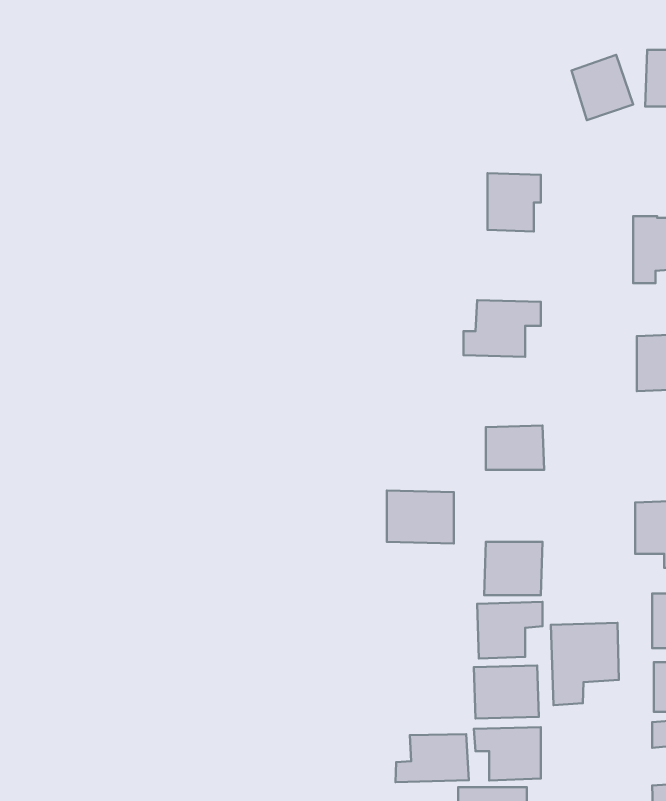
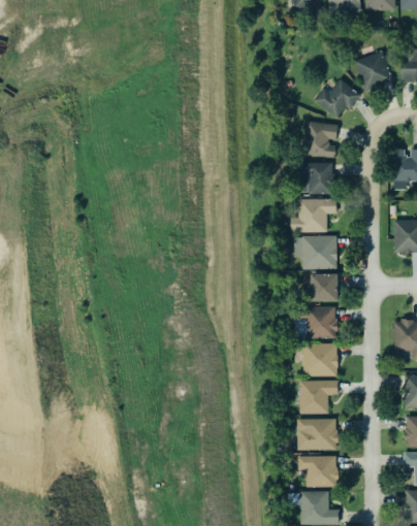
building: none -> [315,79,361,117]
building: none -> [300,162,333,193]
building: none -> [294,235,338,269]
building: [387,490,454,544] -> [296,306,336,338]
building: [551,623,619,705] -> none
building: [396,734,469,782] -> none

